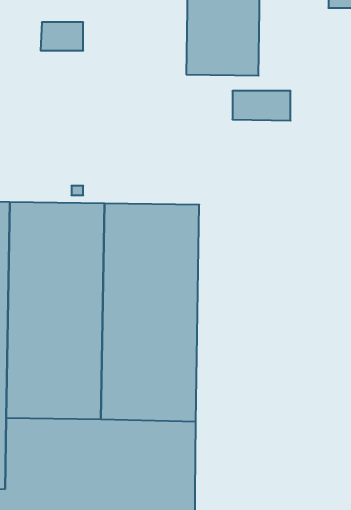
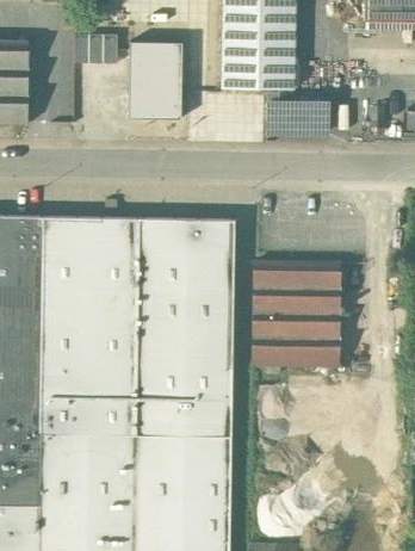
building: none -> [126,43,180,120]
building: none -> [250,262,339,366]

